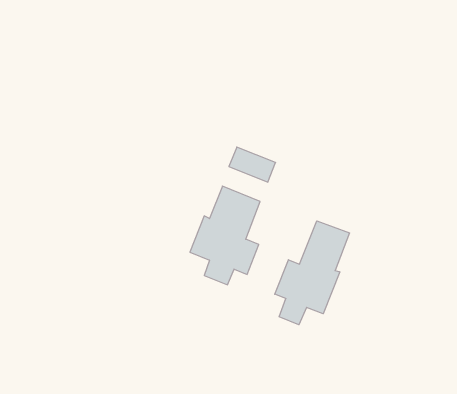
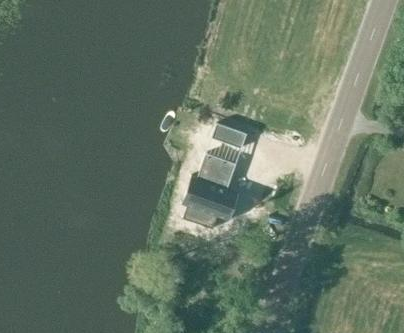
building: [275,221,350,325] -> none

